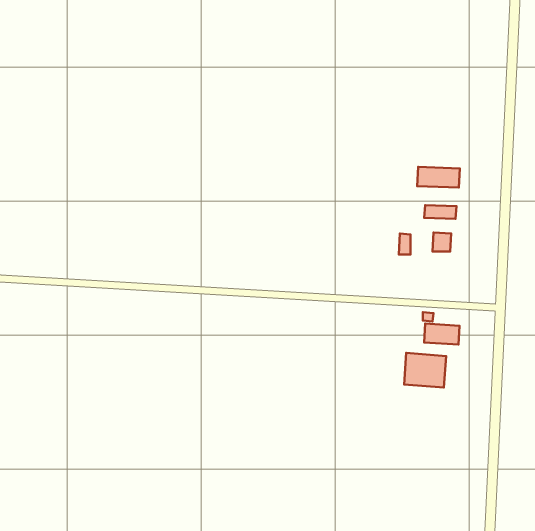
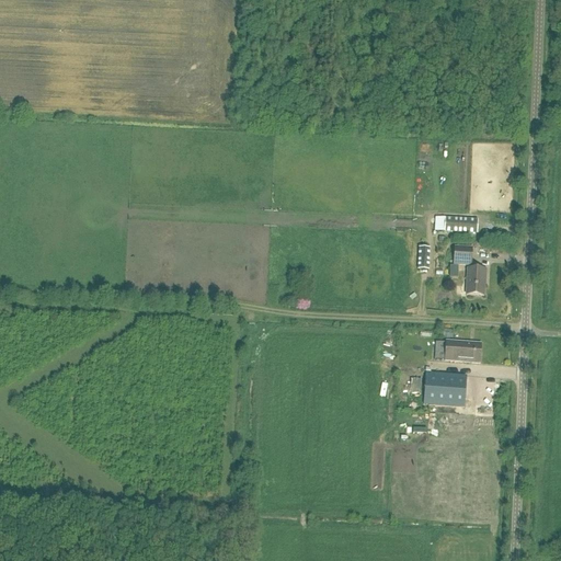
building: [417,167,460,187] -> none
building: none -> [466,266,485,293]

